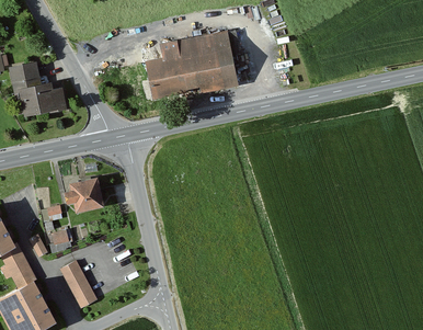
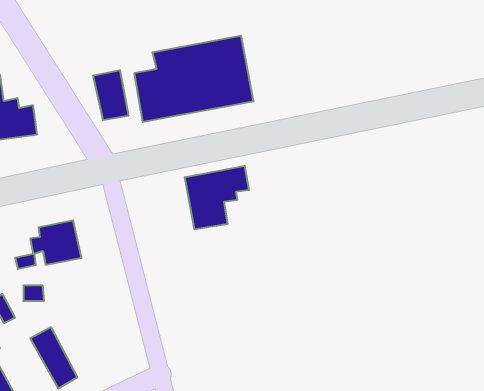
building: none -> [93,70,128,120]
building: none -> [185,166,249,229]

